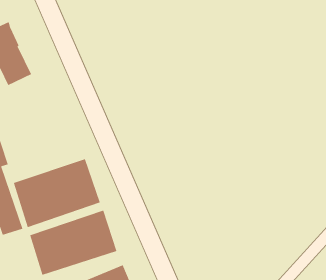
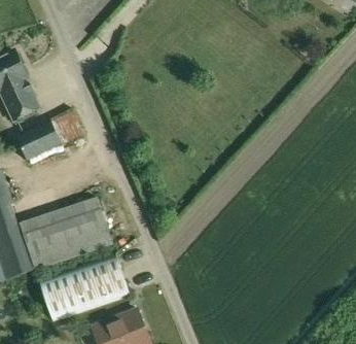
building: none -> [15,107,83,161]

